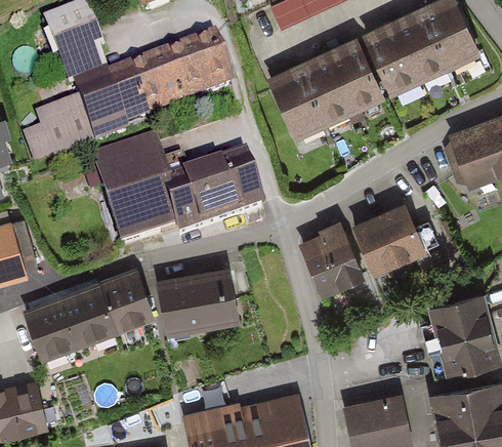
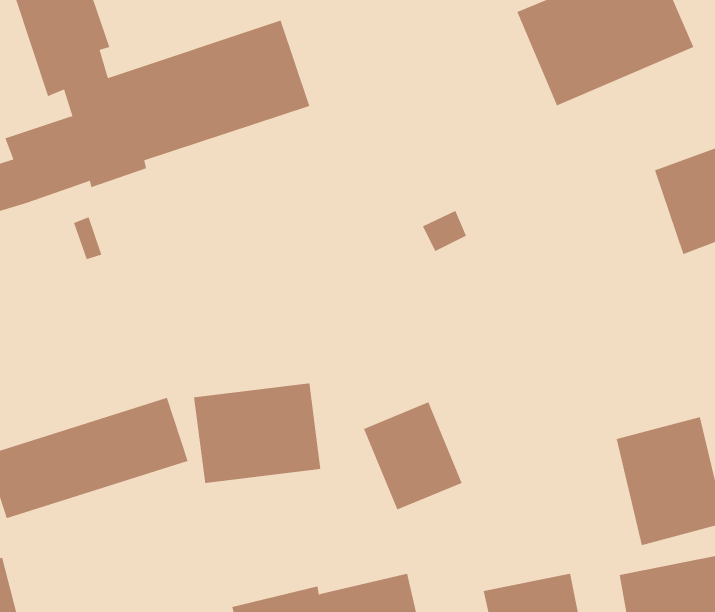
building: [268,39,383,139] -> none
building: [94,137,263,246] -> none
building: [352,202,426,272] -> none
building: [300,222,364,292] -> [363,402,462,510]

